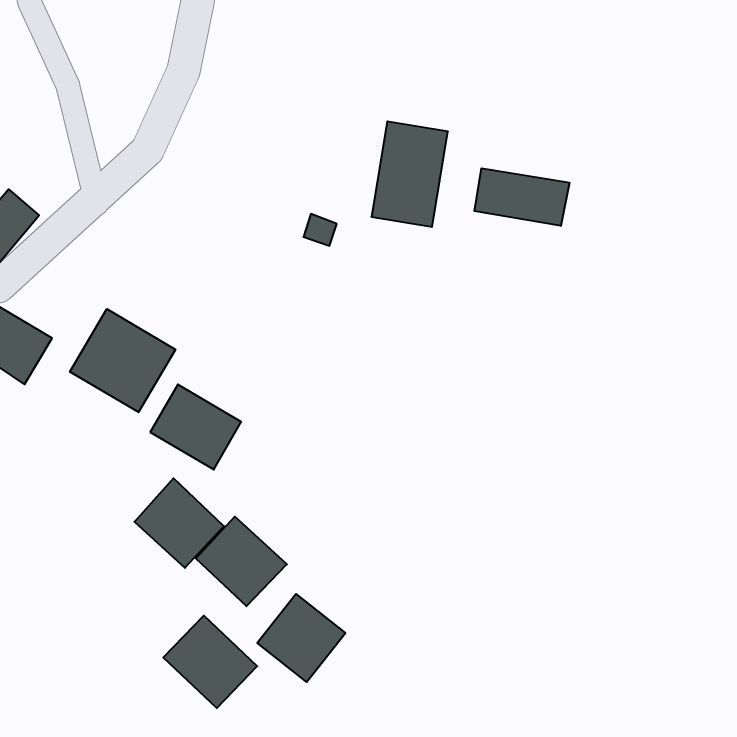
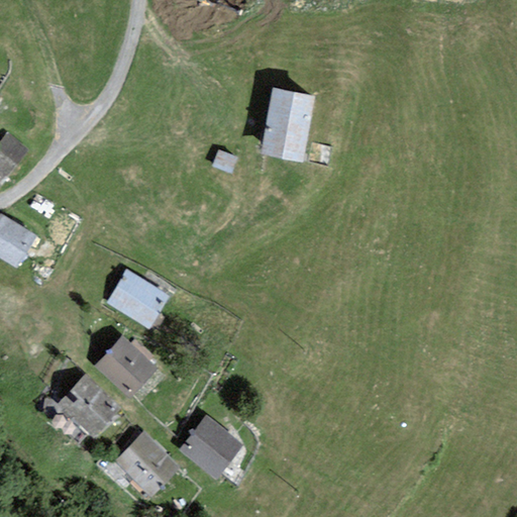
building: [474,168,569,226] -> none
building: [70,309,175,412] -> none
building: [196,517,287,606] -> [58,374,121,436]

